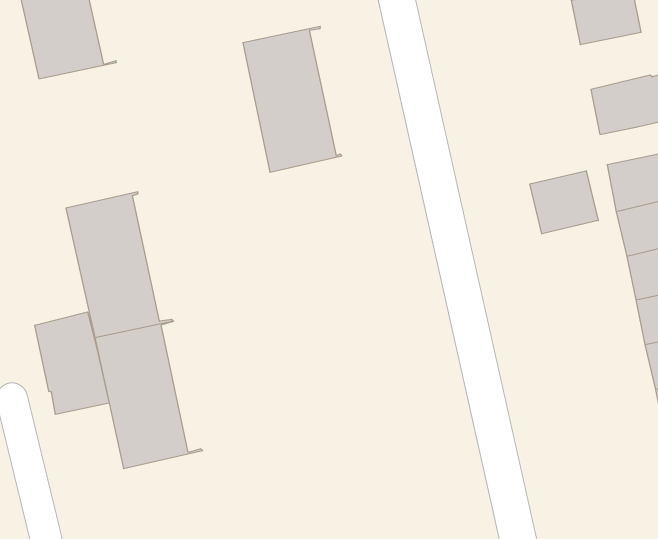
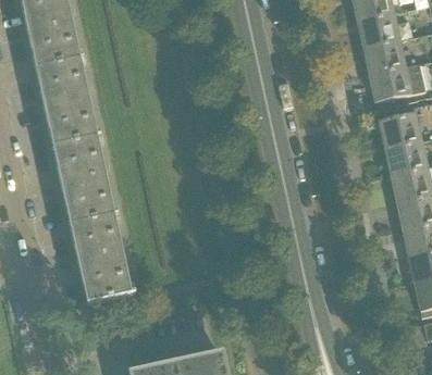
building: [243,27,342,172] -> [37,58,97,146]
building: none -> [365,39,407,74]
building: [530,171,598,234] -> none
building: [35,312,109,414] -> none

